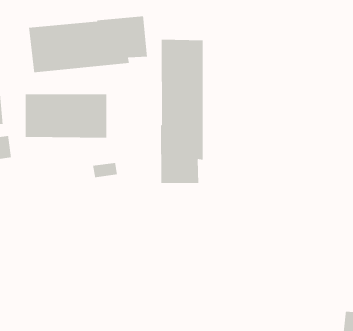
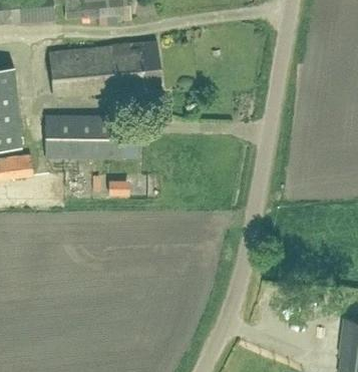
building: [160,39,203,184] -> none

